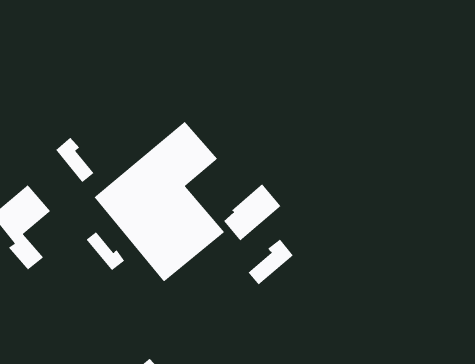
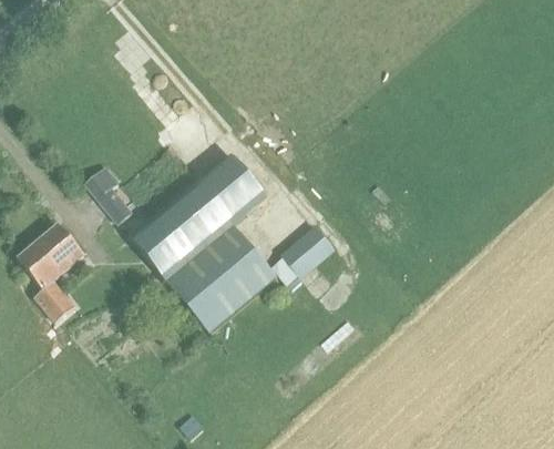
building: [86,231,125,271] -> none
building: [247,239,294,286] -> none

